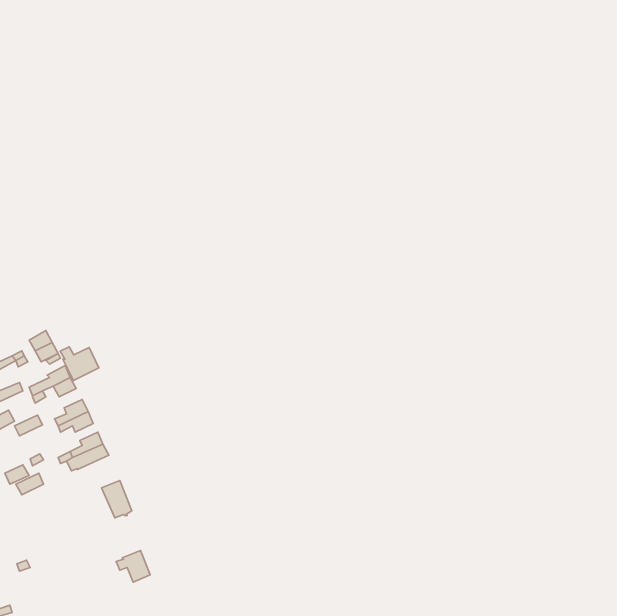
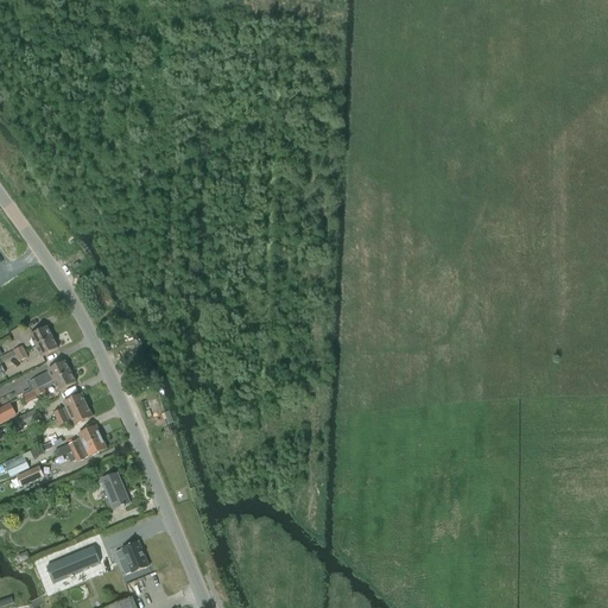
building: [60,347,99,381] -> none
building: none -> [46,545,100,580]

